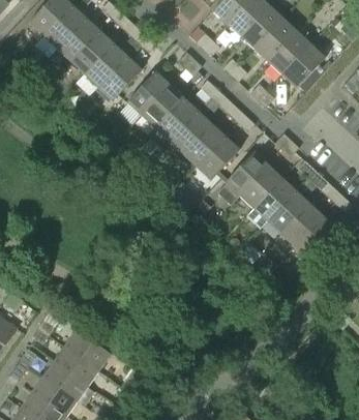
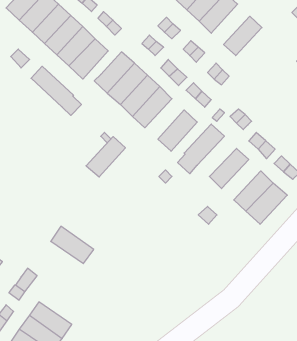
building: [255,18,297,62] -> none
building: [281,43,324,87] -> none
building: none -> [31,66,81,115]
building: [181,122,225,167] -> [86,137,125,177]
building: [239,163,282,208] -> none
building: [266,189,309,234] -> none
building: [64,330,112,371] -> [51,226,94,264]

